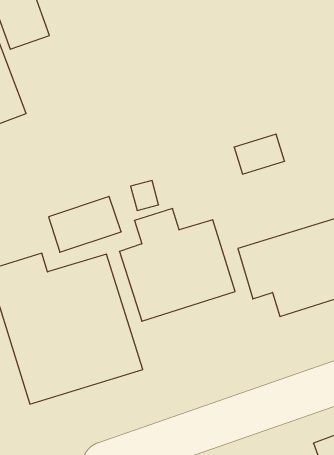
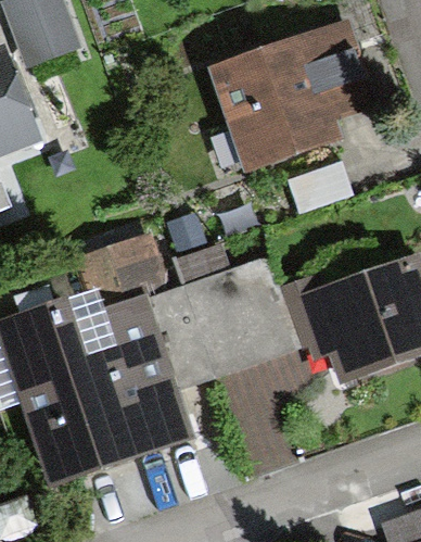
building: none -> [210,26,366,167]

